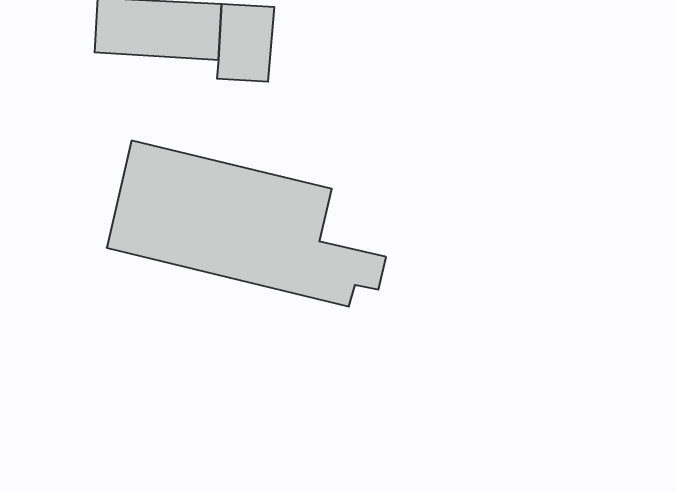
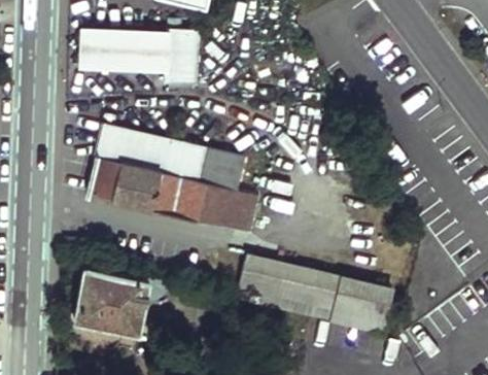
building: none -> [236,255,392,333]
building: none -> [73,263,146,331]

